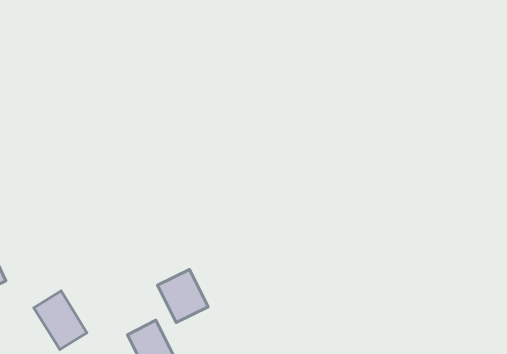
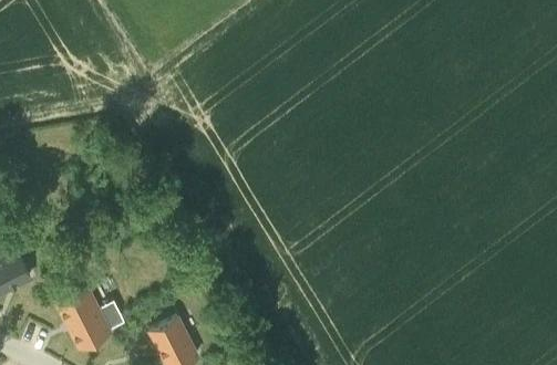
building: [157,269,208,323] -> none

